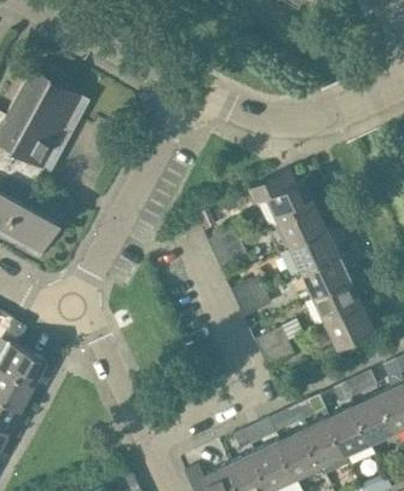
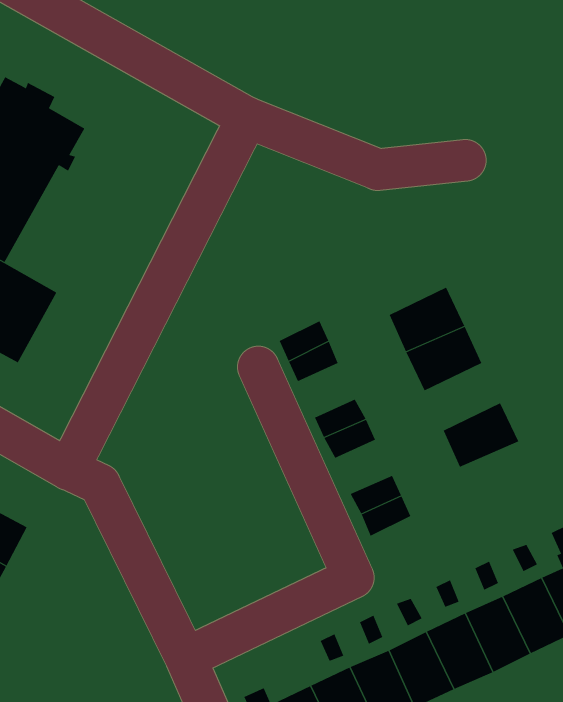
building: [249,172,317,225] -> none
building: [302,256,352,300] -> none
building: [325,307,376,351] -> none

